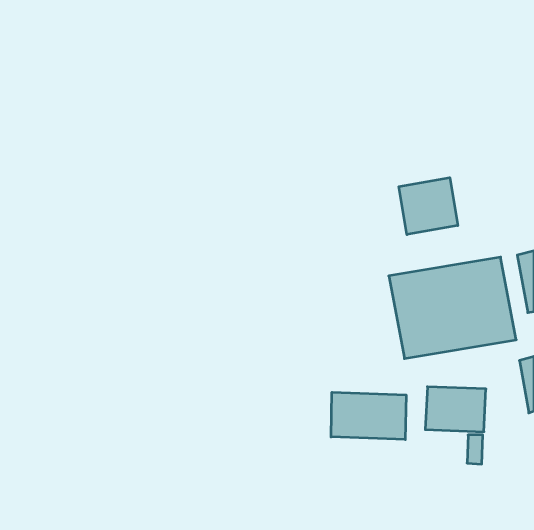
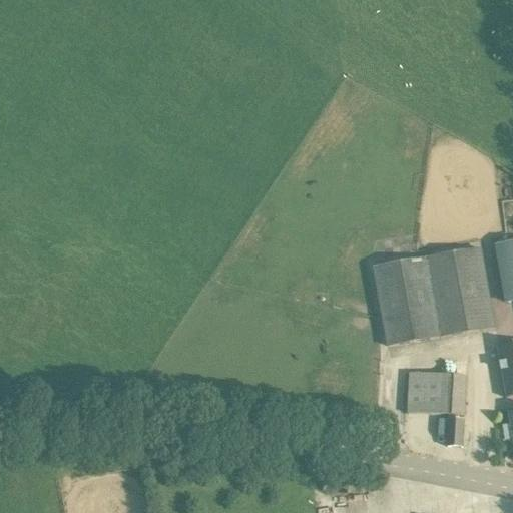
building: [399,178,458,235] -> none
building: [331,392,406,440] -> none

